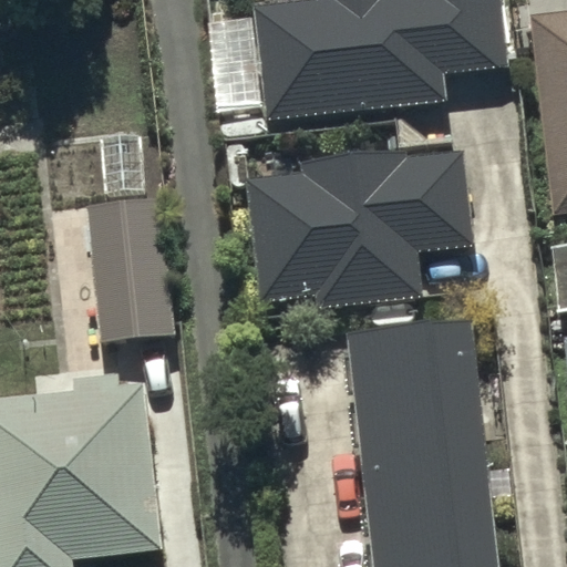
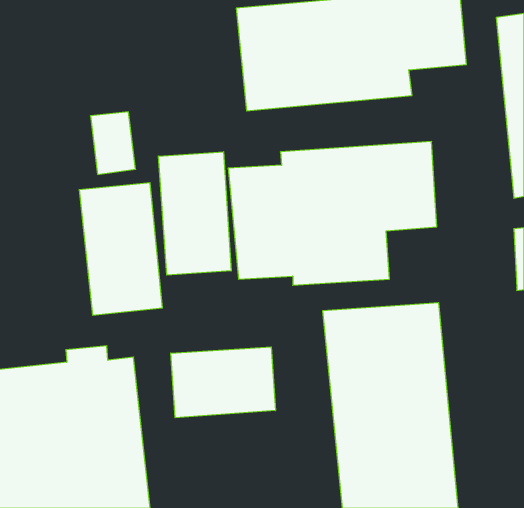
building: none -> [158,152,231,275]
building: none -> [171,347,275,418]

